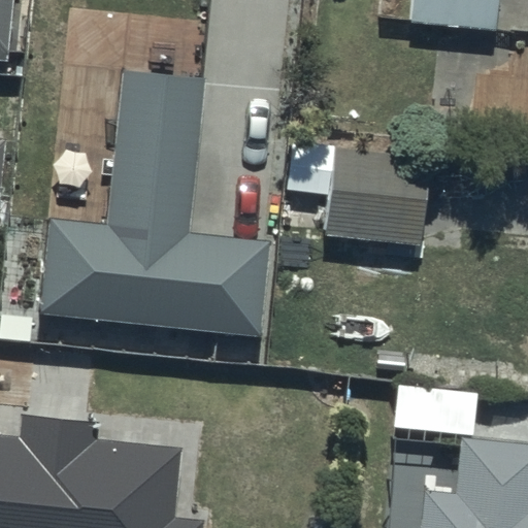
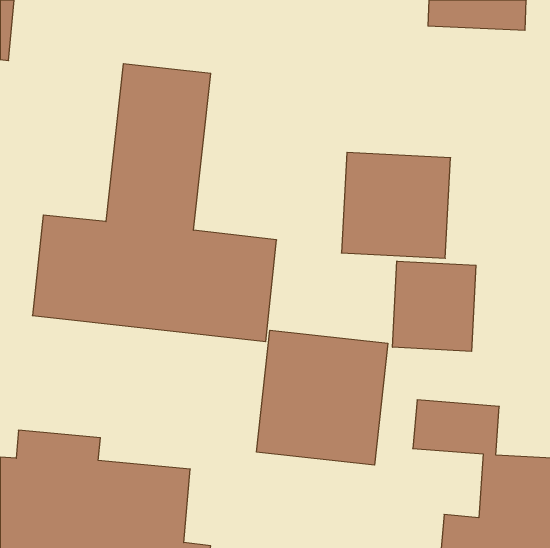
building: none -> [393,261,476,351]
building: none -> [257,330,388,465]

